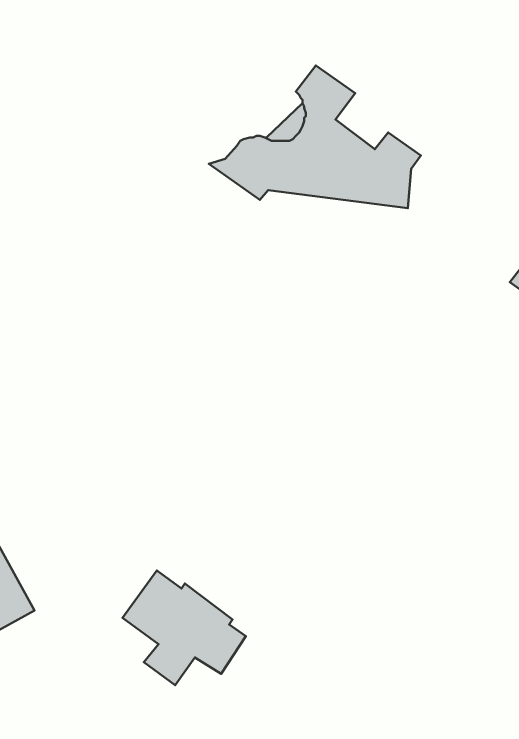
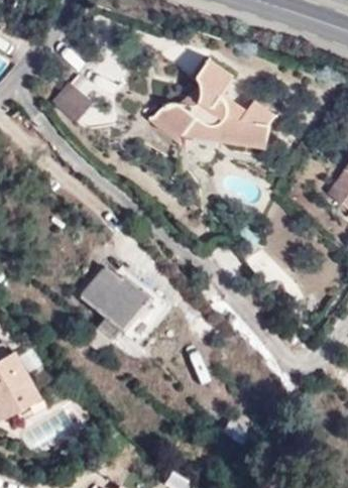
building: none -> [50,82,93,123]
building: [122,570,246,685] -> [76,271,151,342]

